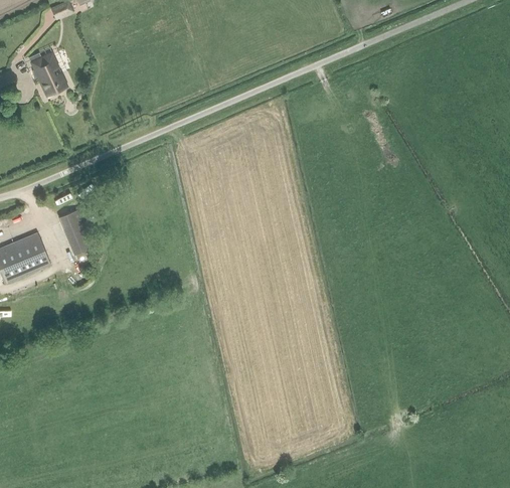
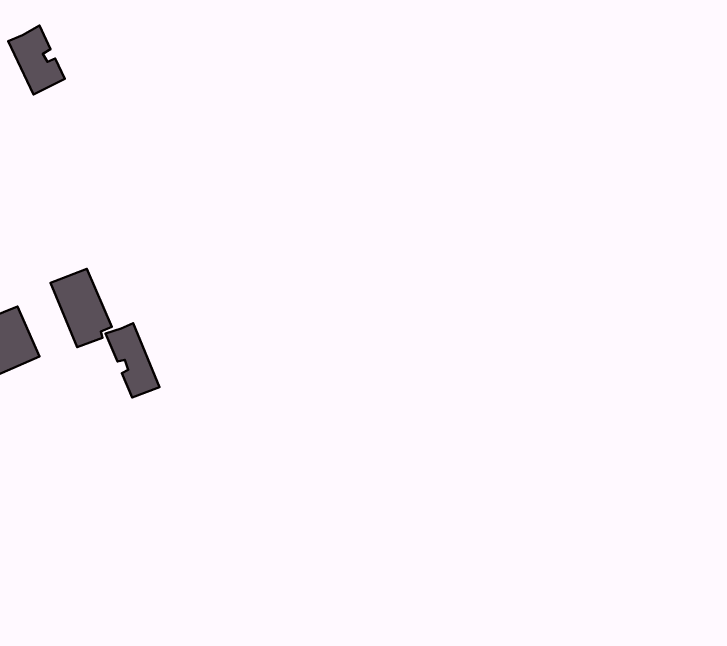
building: none -> [106,323,160,398]

